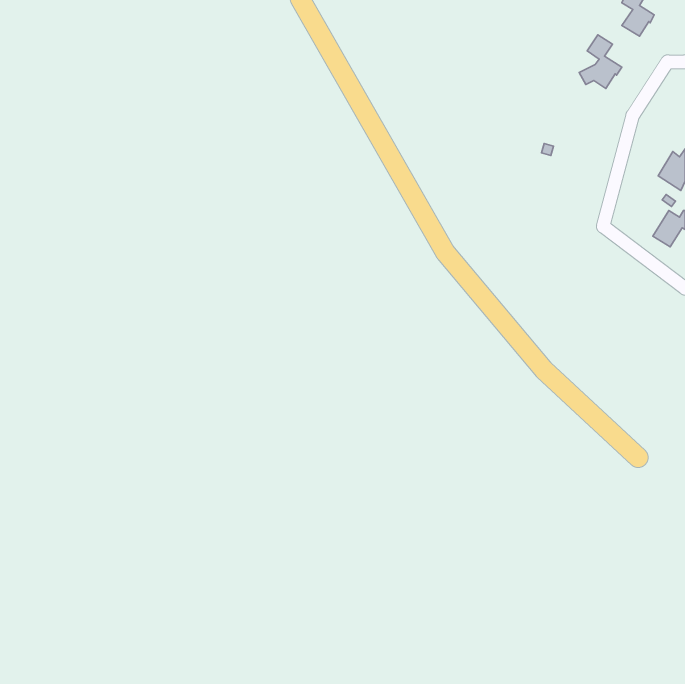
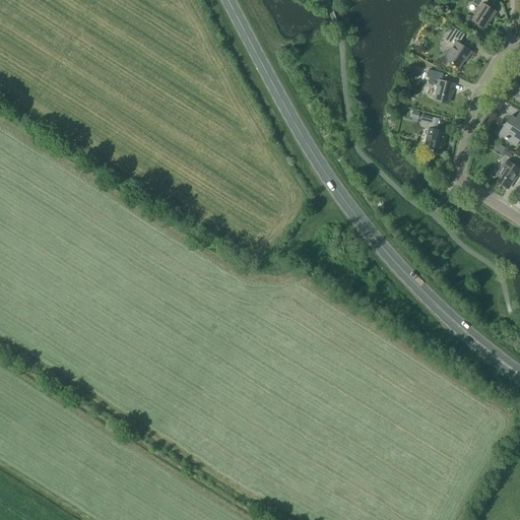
building: none -> [427,69,454,103]
building: none -> [419,114,447,152]

